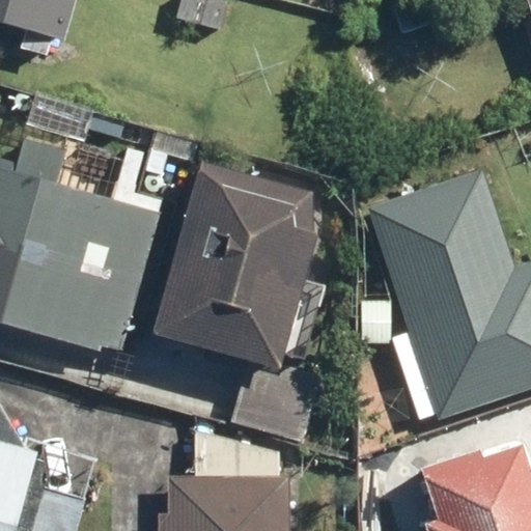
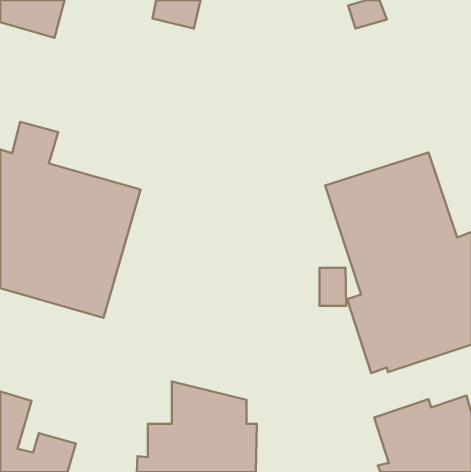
building: [158,166,311,359] -> none

